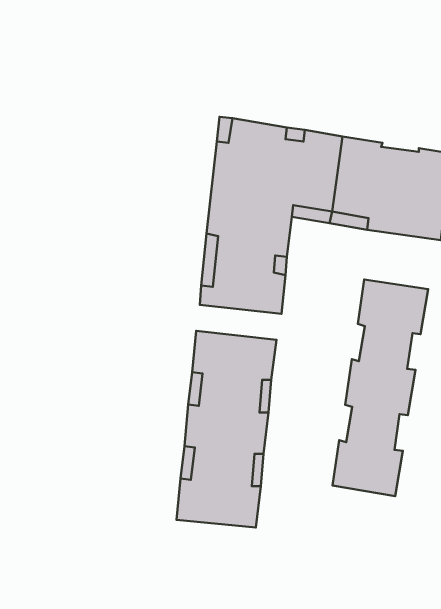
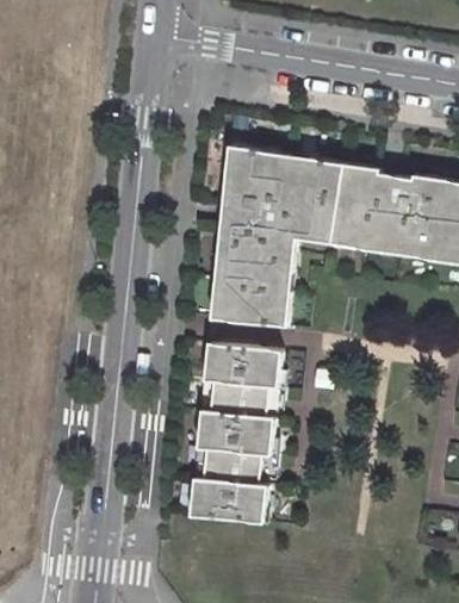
building: [333,280,428,496] -> none

